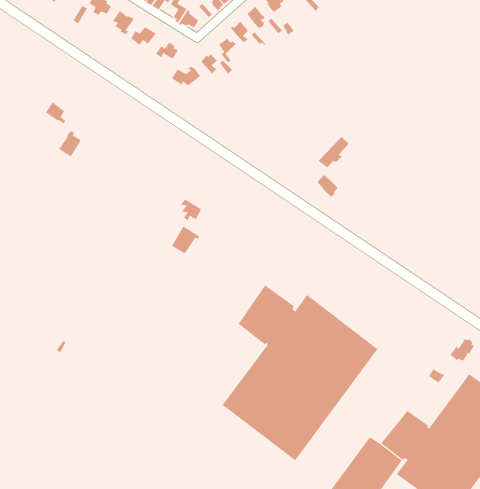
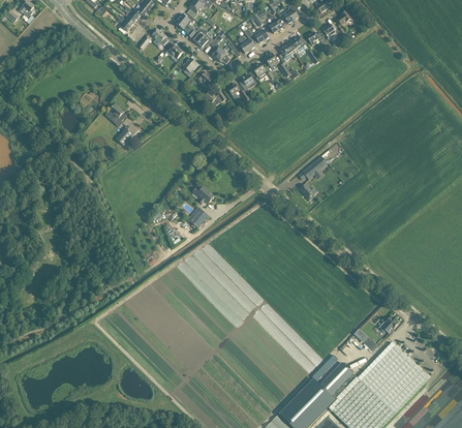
building: [222,285,378,461] -> none

